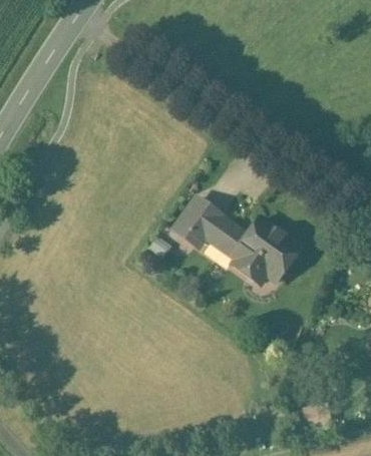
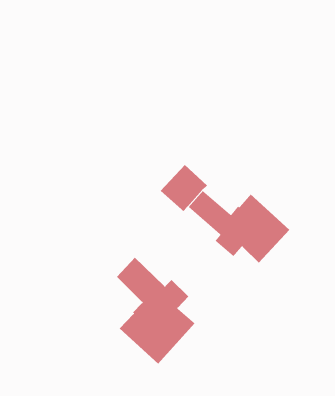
building: none -> [116,257,196,364]

